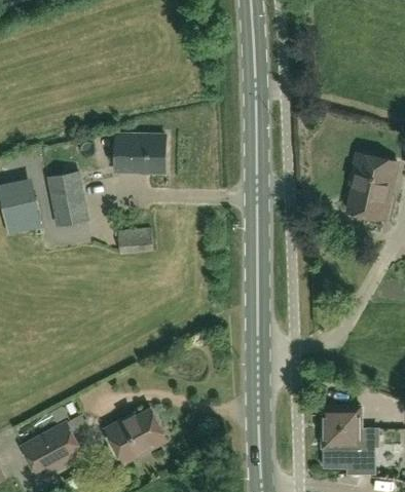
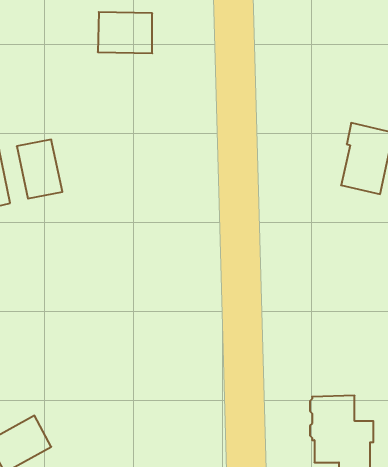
building: [114,135,164,173] -> [98,12,152,53]
building: [118,228,153,255] -> none
building: [106,410,165,462] -> none

